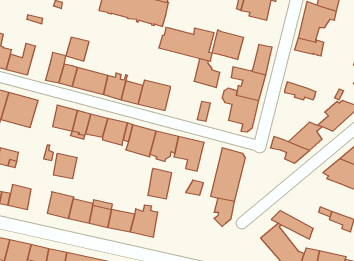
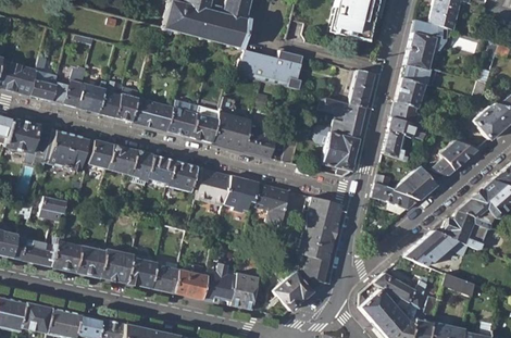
building: [212,30,243,60] -> none
building: [66,37,89,61] -> [77,85,105,114]
building: none -> [394,77,431,124]
building: [194,59,220,88] -> [245,124,276,159]
building: none -> [384,129,408,161]
building: none -> [88,140,113,173]
building: [53,153,77,178] -> [77,246,107,276]
building: [148,168,172,199] -> [230,273,260,310]
building: none -> [403,230,459,266]
building: none -> [274,274,314,312]

